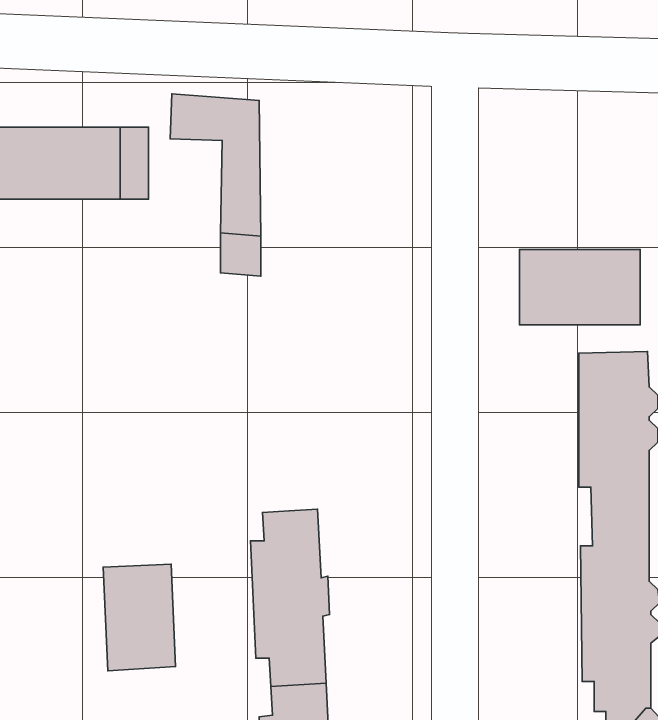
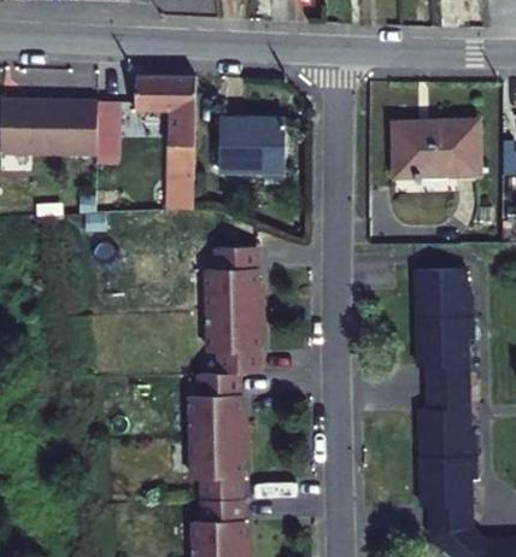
building: none -> [217,123,285,176]
building: [519,249,640,325] -> [388,123,475,177]
building: none -> [204,248,260,376]
building: [103,564,175,671] -> none

